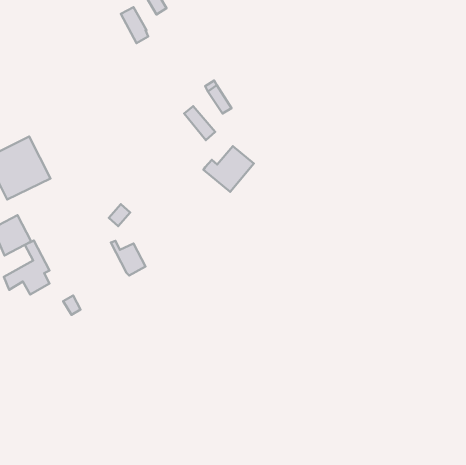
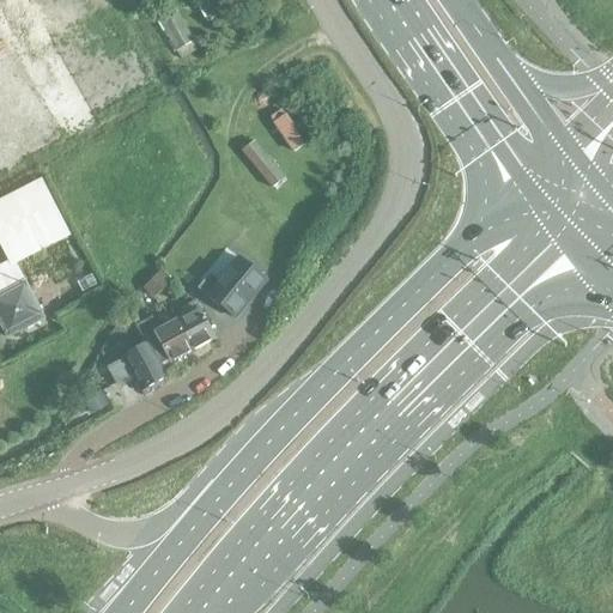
building: [203,146,254,192] -> [198,255,263,315]
building: none -> [175,298,212,348]
building: [4,240,49,294] -> [105,317,165,388]

